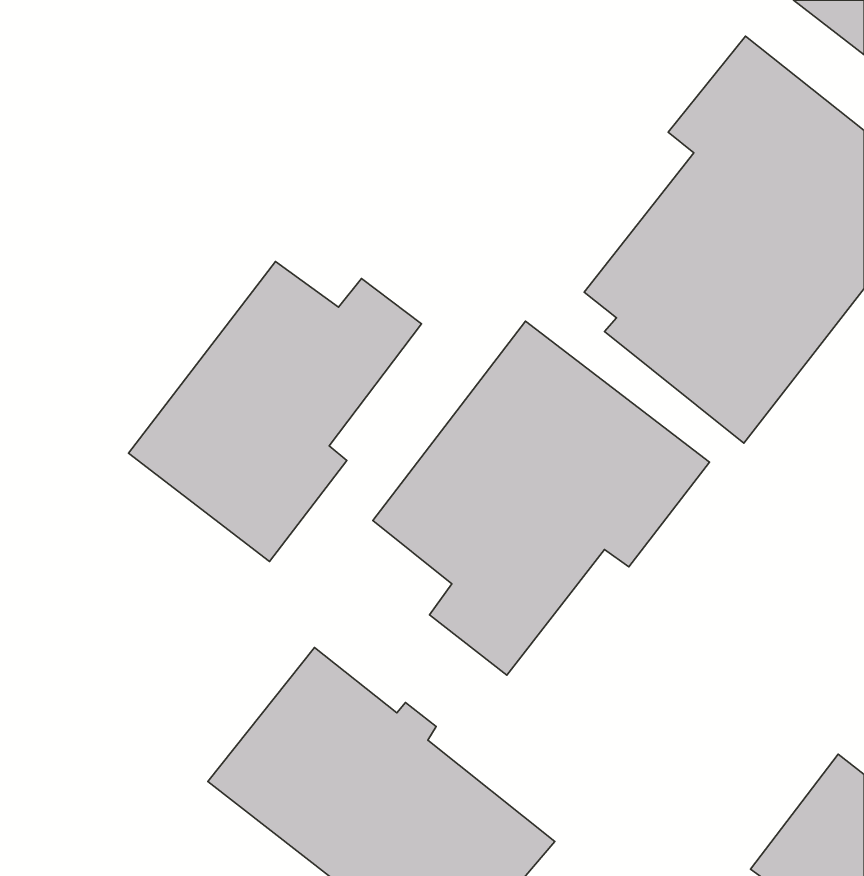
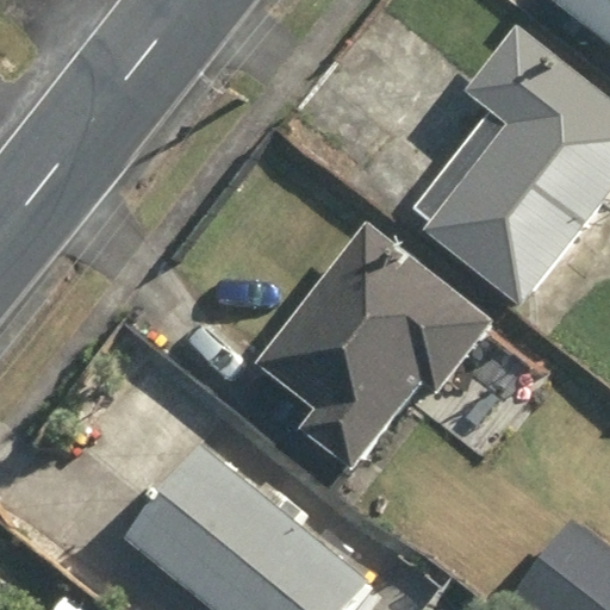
building: [128,262,422,562] -> none

